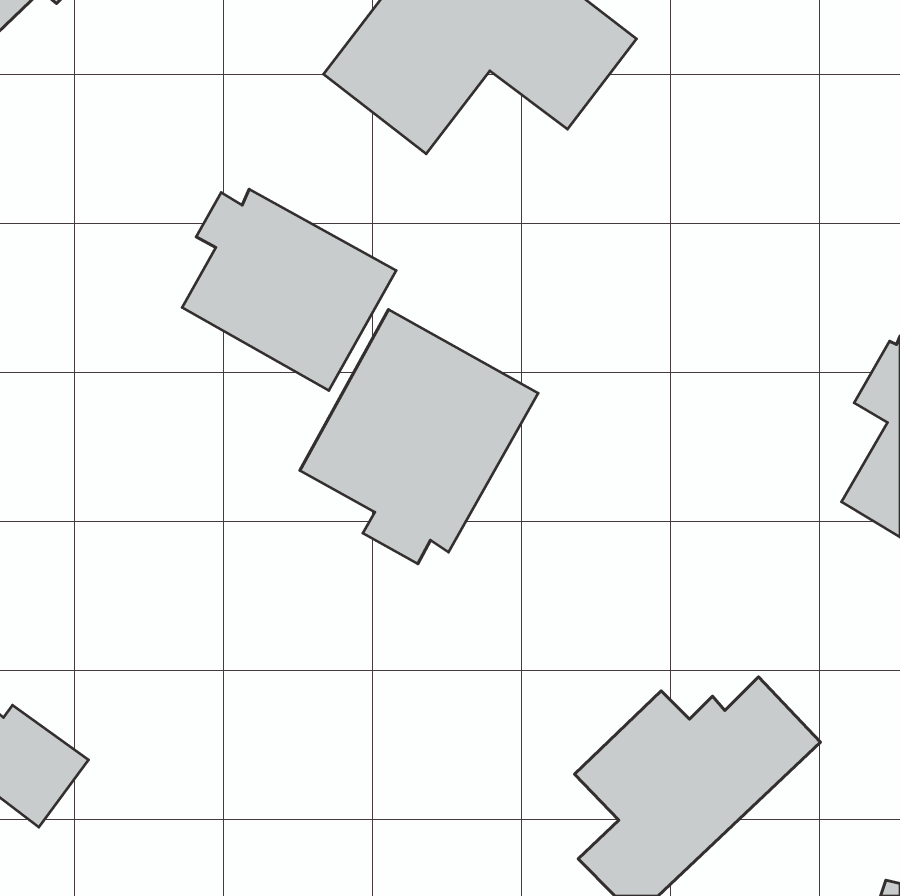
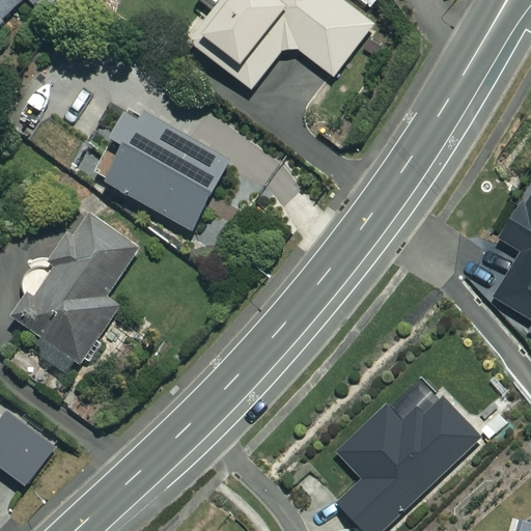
building: [300,310,538,564] -> none
building: none -> [9,218,138,373]

